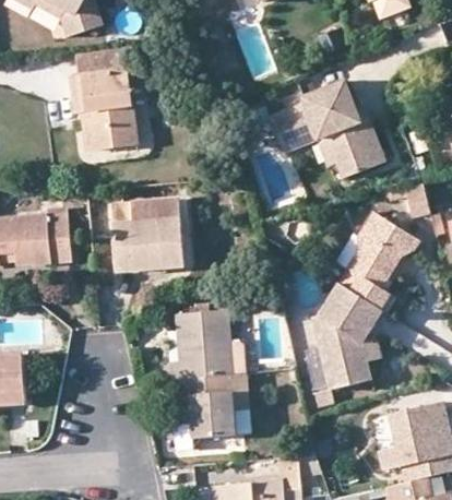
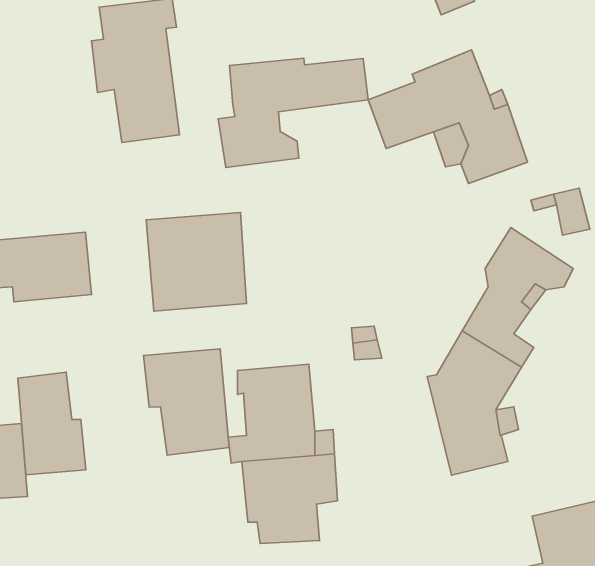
building: none -> [218,58,368,167]
building: none -> [143,349,229,455]
building: none -> [18,372,86,475]

